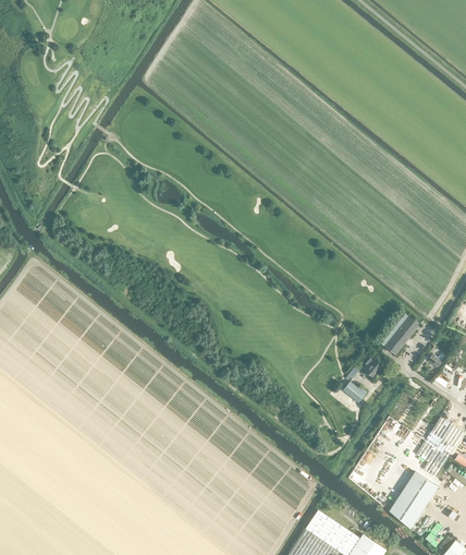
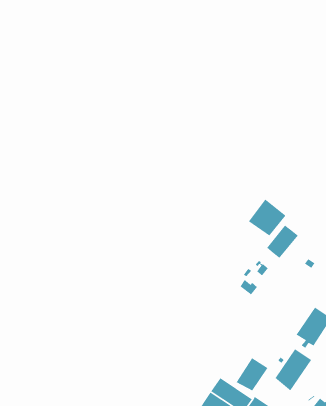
building: none -> [248,198,286,236]
building: none -> [236,357,268,392]

